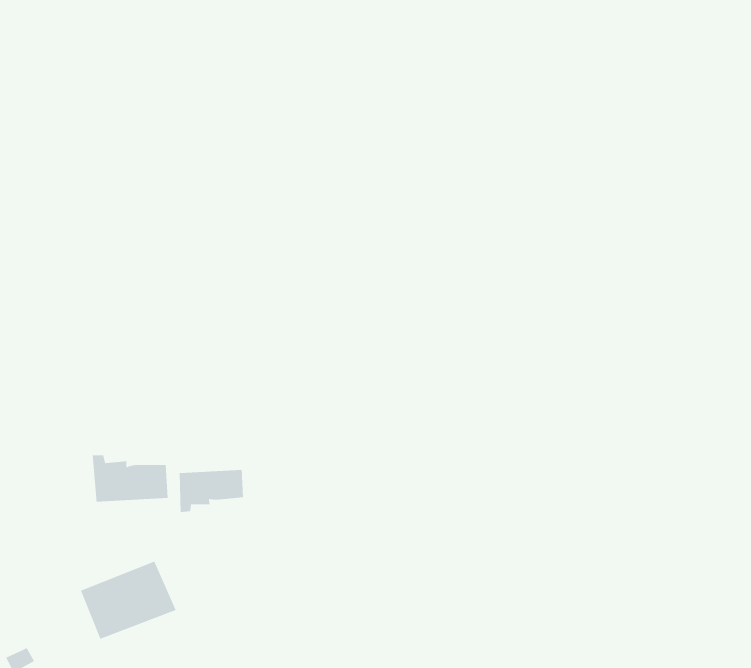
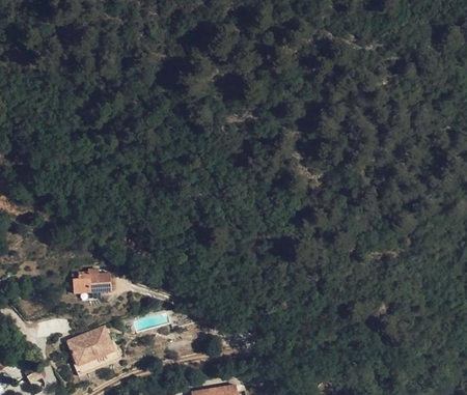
building: [179,469,243,513] -> none

